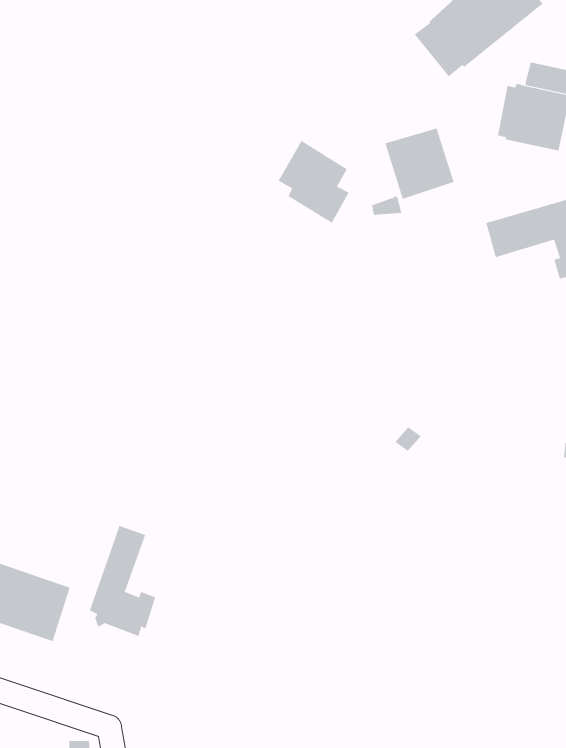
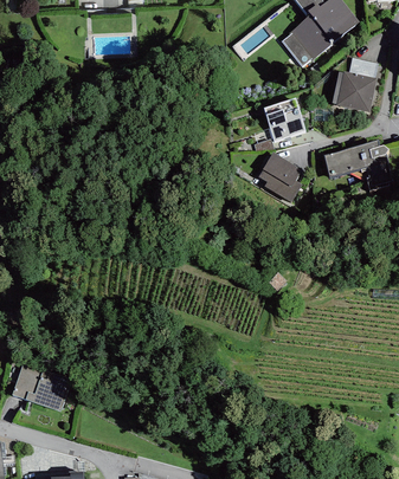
building: [278,140,350,223] -> [258,151,302,202]
building: [89,525,156,637] -> none

